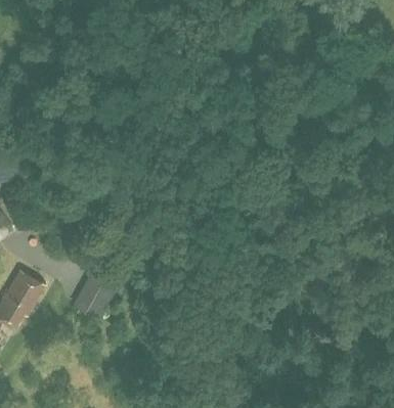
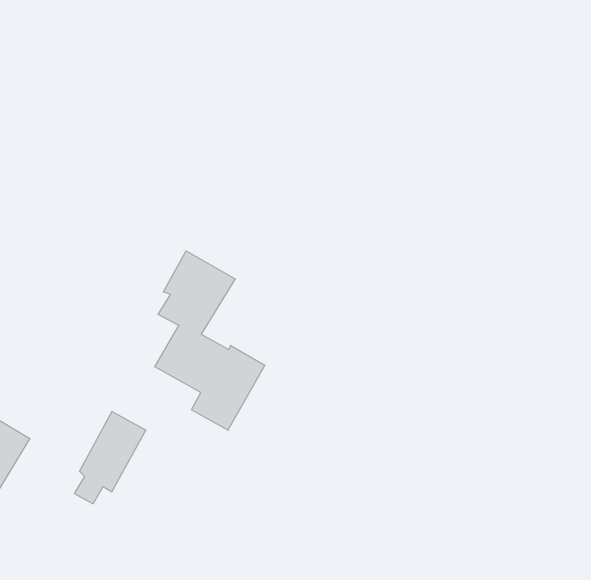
building: none -> [155,251,265,430]

